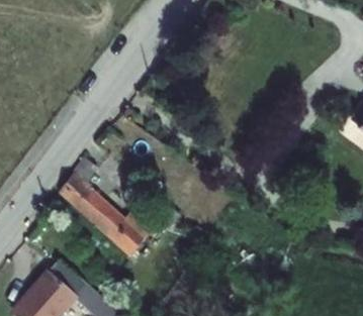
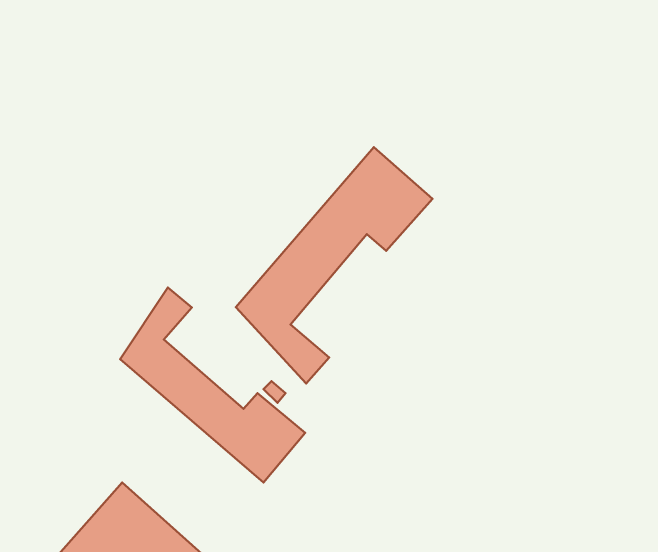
building: none -> [236,147,433,384]

